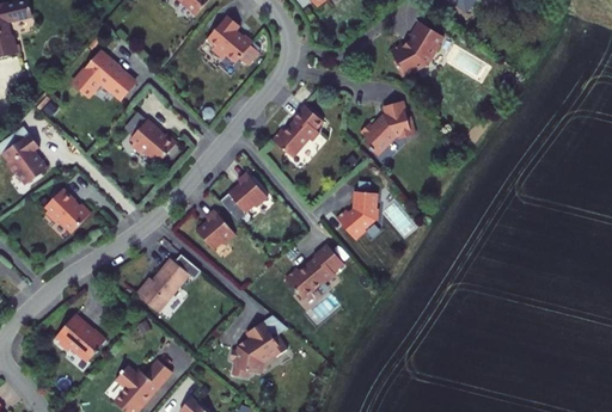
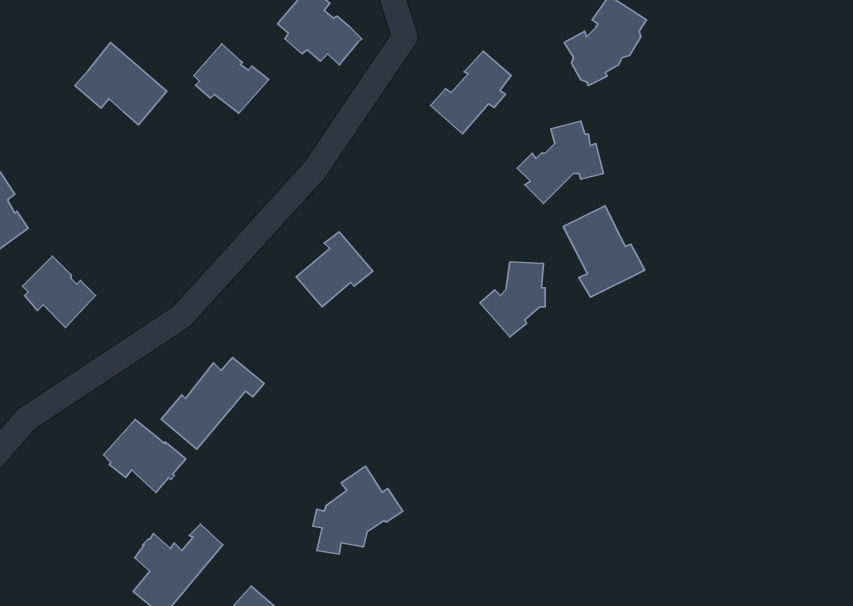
building: [271,105,323,158] -> [431,51,511,134]
building: [130,119,178,164] -> [194,44,269,113]
building: none -> [563,206,645,297]
building: [197,209,235,250] -> none
building: [286,244,344,299] -> none
building: [54,314,106,361] -> [103,419,186,492]

